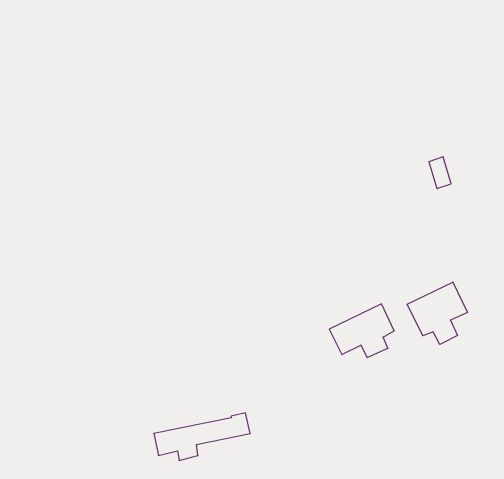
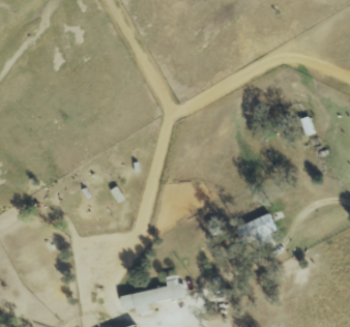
building: [407,282,467,344] -> none

